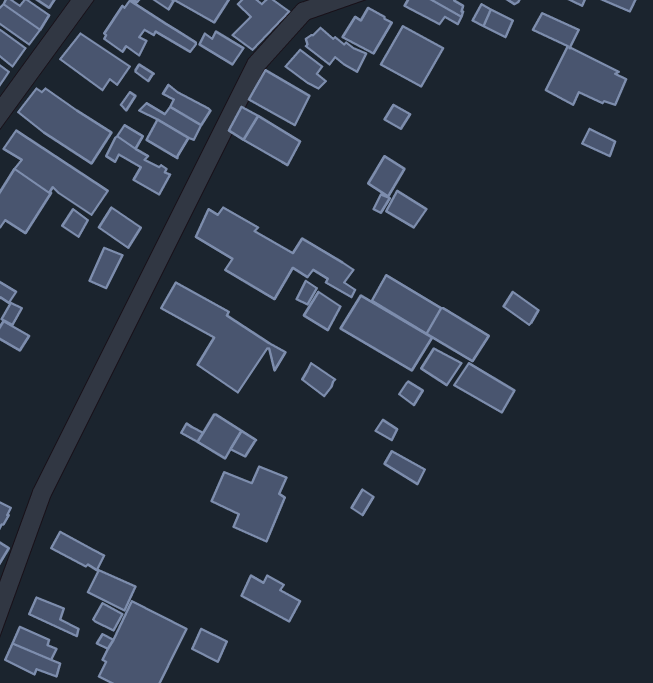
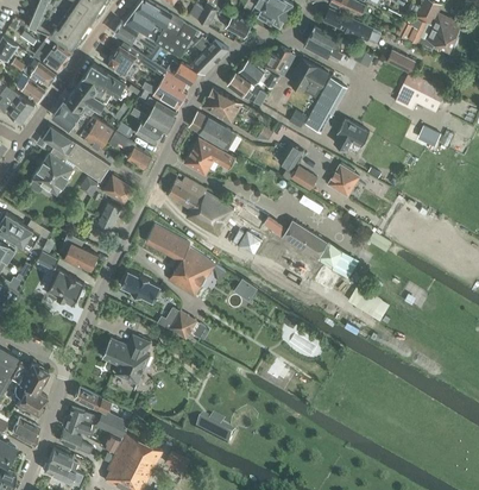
building: none -> [153,70,188,108]
building: none -> [305,78,347,130]
building: none -> [67,80,107,113]
building: none -> [334,118,370,150]
building: none -> [184,138,234,174]
building: none -> [326,164,358,196]
building: none -> [64,233,97,269]
building: none -> [48,270,84,303]
building: none -> [120,271,160,302]
building: [211,467,287,542] -> [102,334,151,383]
building: none -> [63,407,92,434]

